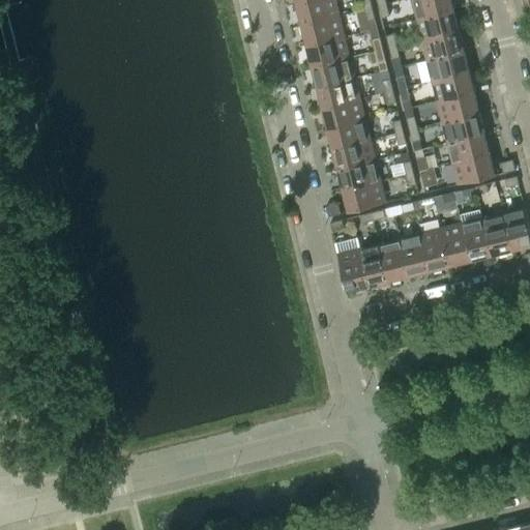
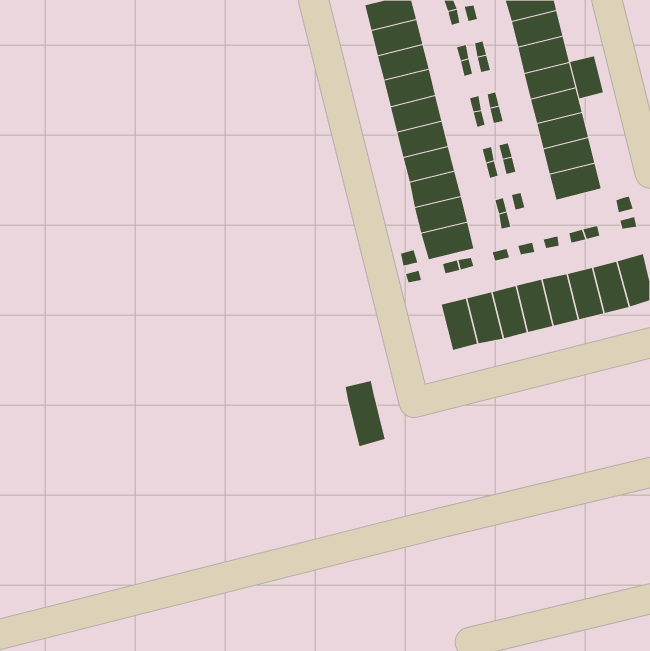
building: none -> [570,55,604,99]
building: [451,153,494,184] -> none
building: [334,237,367,291] -> [345,381,386,447]

